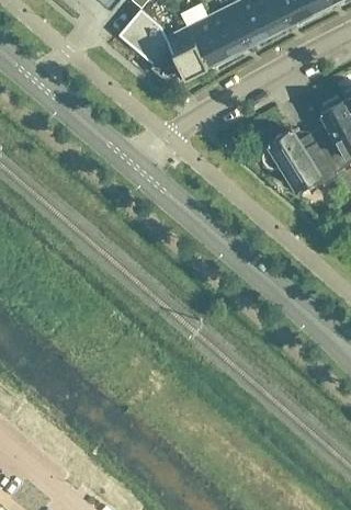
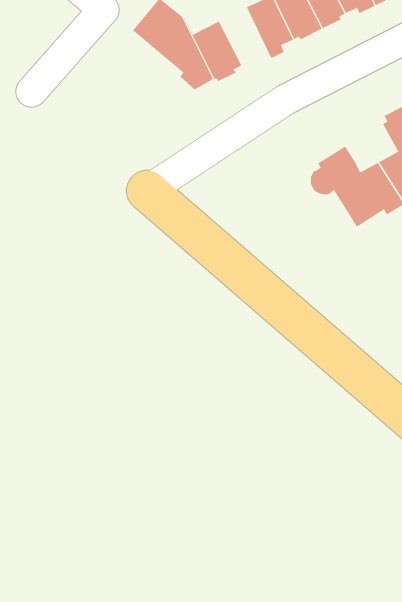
building: [189,16,230,65] -> none

